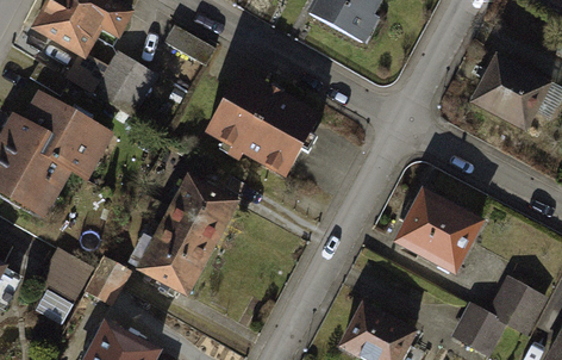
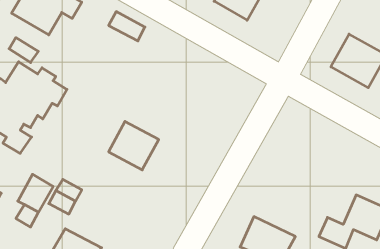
building: [93,51,151,112] -> none
building: [207,69,317,172] -> none
building: [399,188,485,272] -> none
building: [137,217,211,293] -> none

